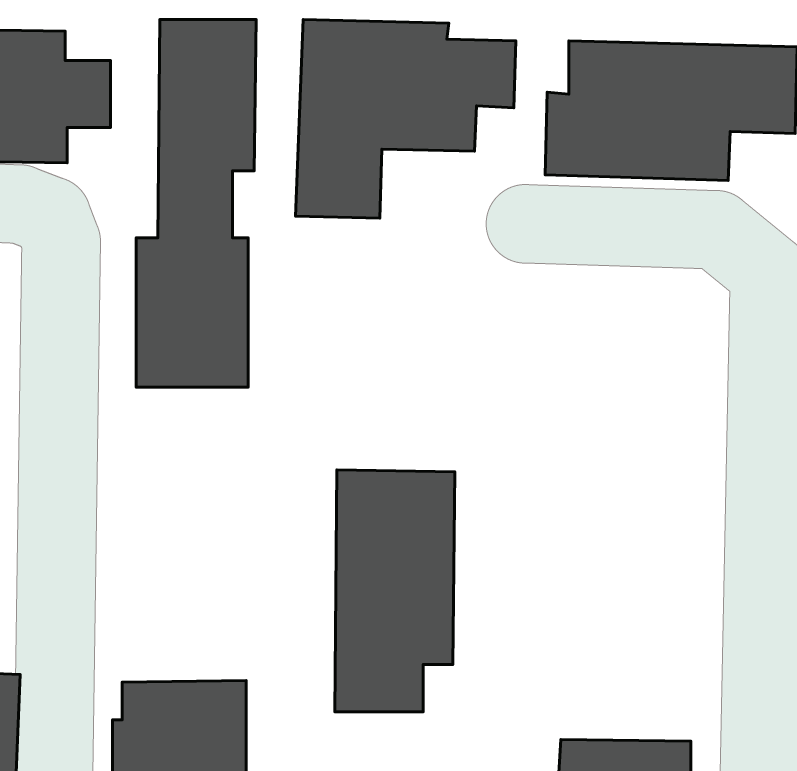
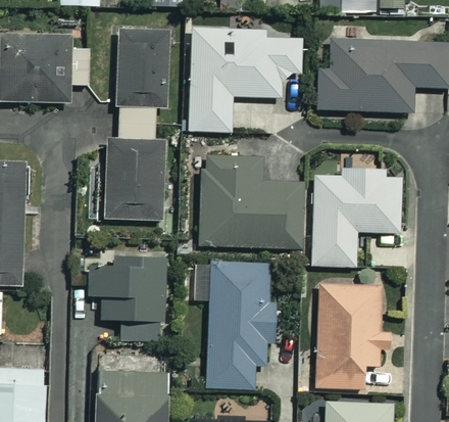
building: none -> [200,157,304,247]
building: none -> [312,169,402,267]
building: none -> [88,256,167,347]
building: none -> [317,285,381,388]

